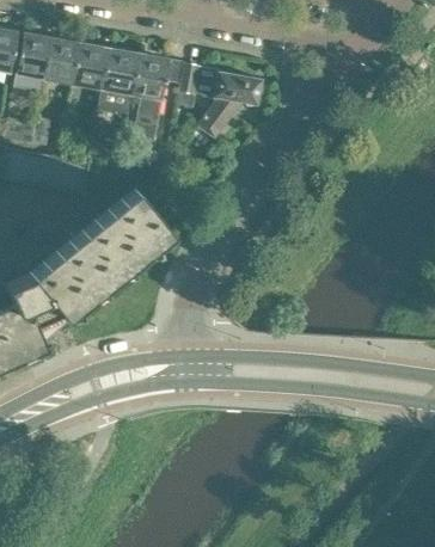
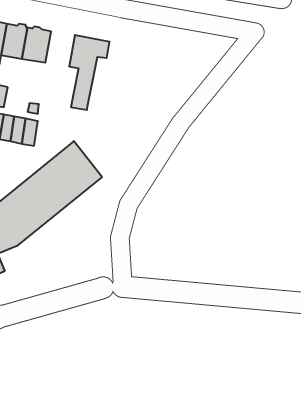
building: [97,49,136,113] -> none
building: [177,62,262,139] -> none

